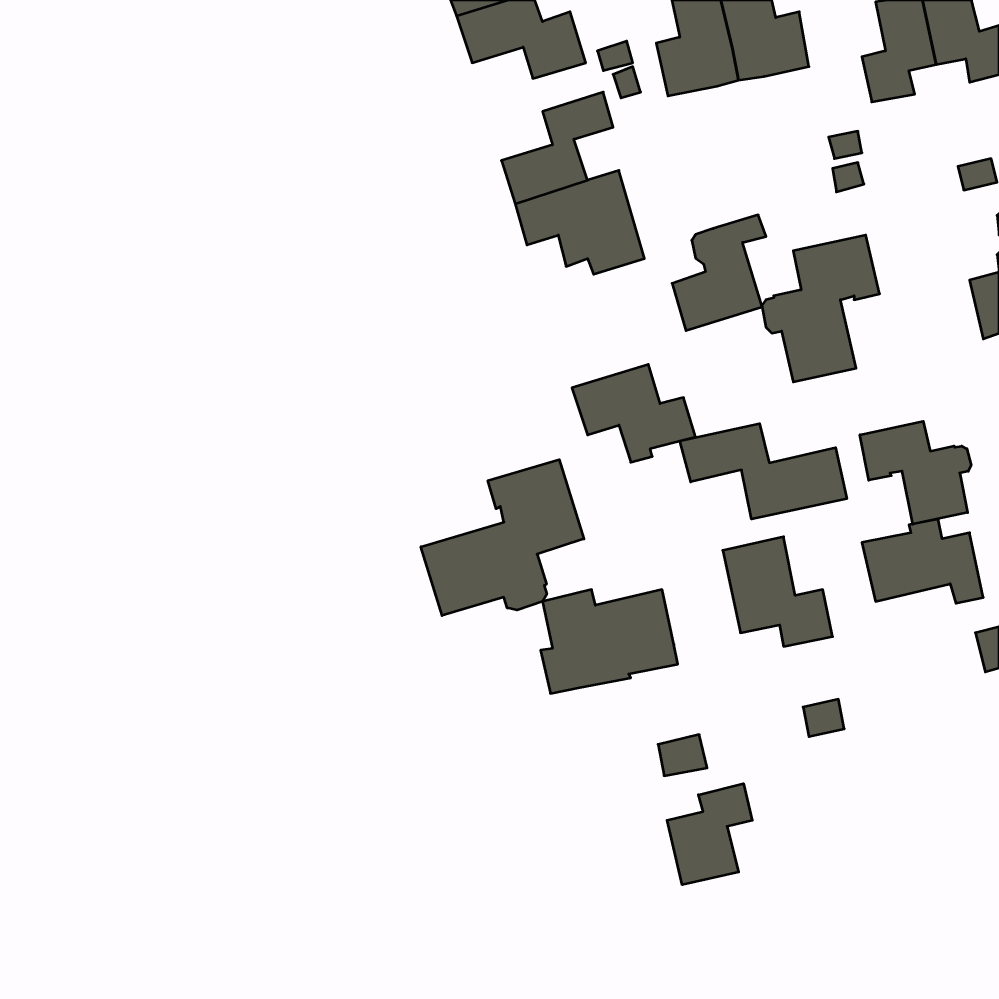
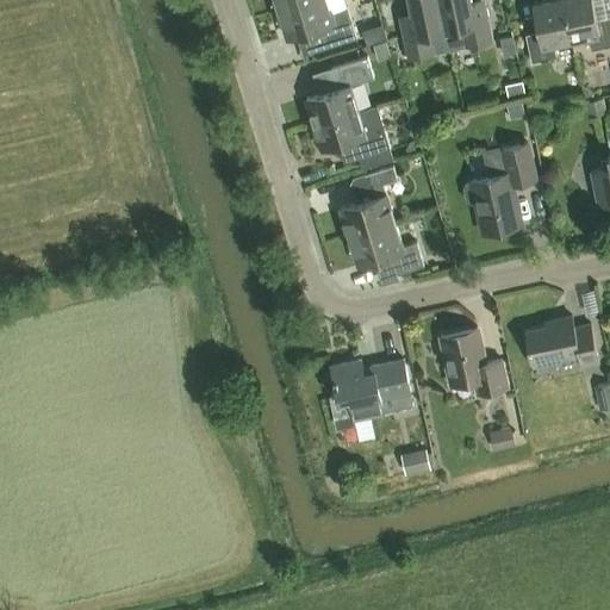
building: [672,215,766,331] -> [340,167,397,237]
building: [860,421,971,524] -> none
building: [680,424,847,519] -> none
building: [421,460,584,616] -> none
building: [667,784,752,885] -> none

